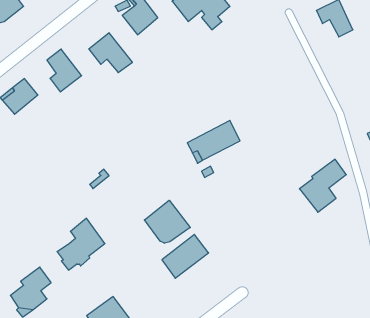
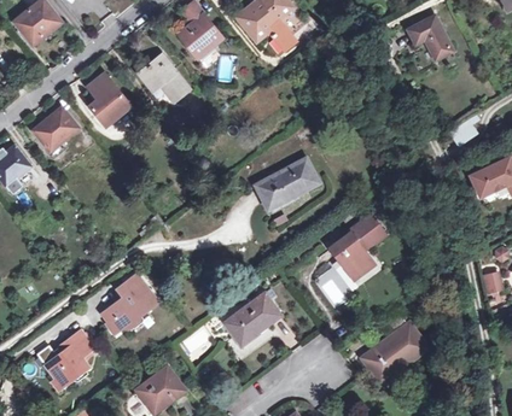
building: [299,159,346,212] -> [328,213,384,276]
building: [144,200,190,243] -> none
building: none -> [363,311,425,380]

